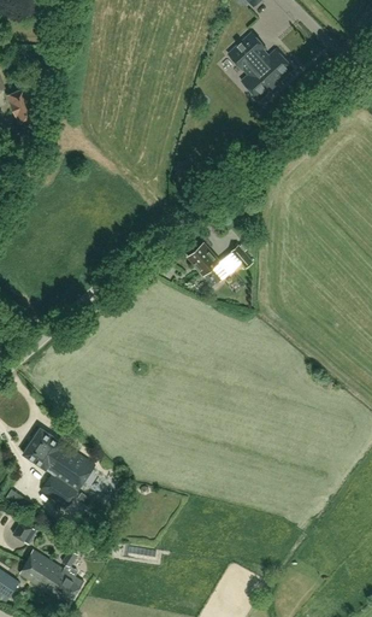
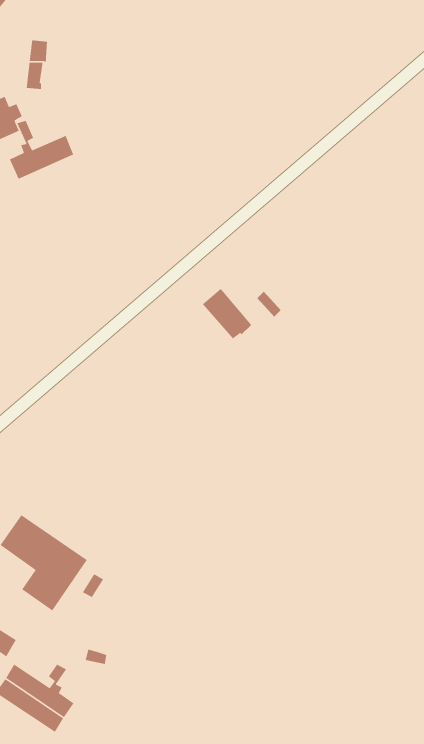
building: [228,33,294,100] -> none
building: none -> [9,120,74,180]

